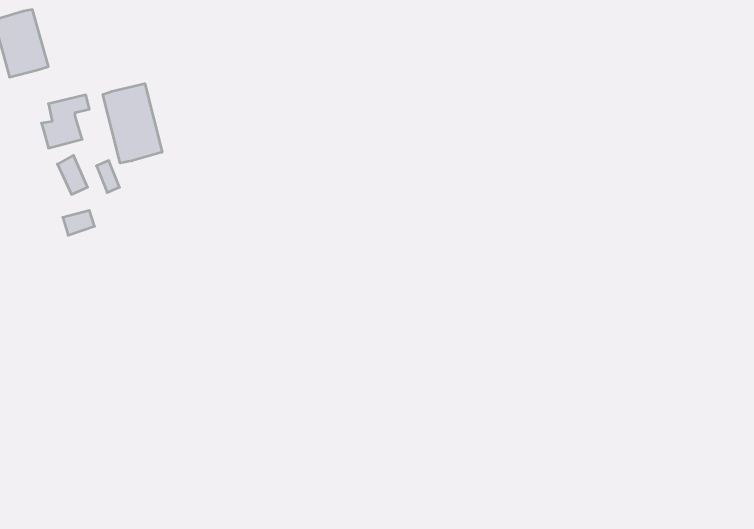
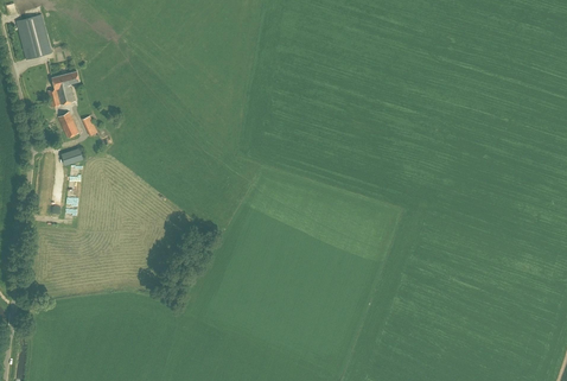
building: [103,84,162,163] -> none

